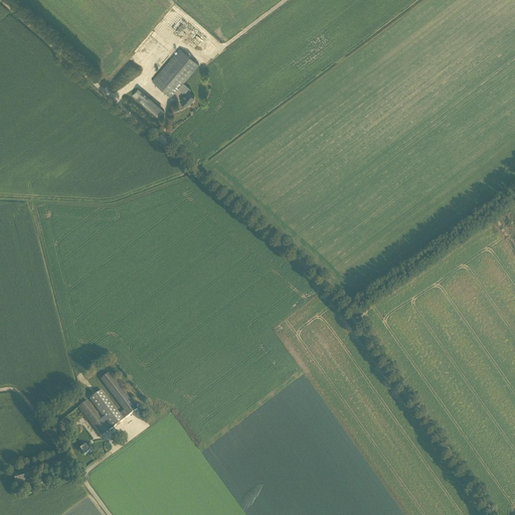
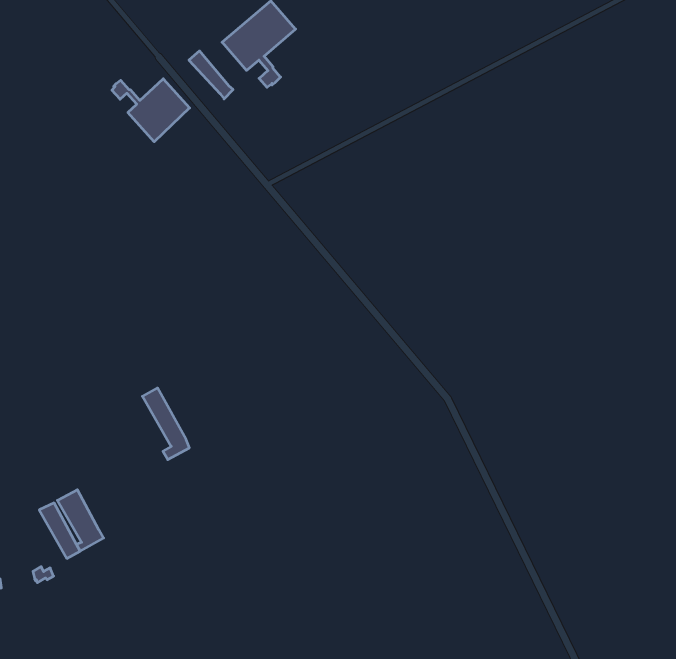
building: none -> [112,79,190,142]
building: [100,372,136,418] -> [142,388,189,460]

